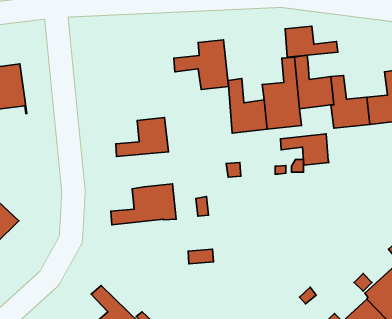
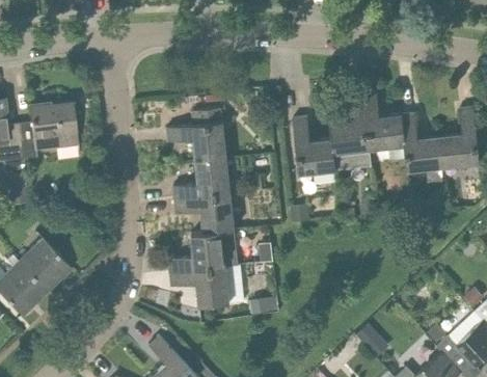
building: [285,26,338,57] -> none
building: [174,40,229,89] -> [167,108,225,161]
building: [281,134,329,165] -> none
building: none -> [174,194,234,232]
building: none -> [169,266,228,305]

